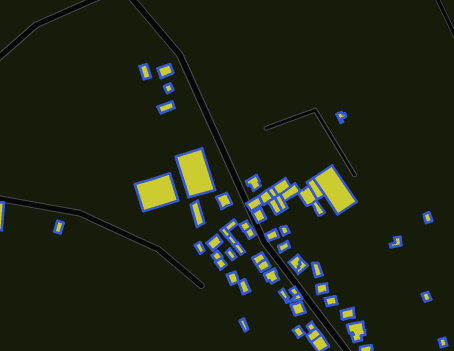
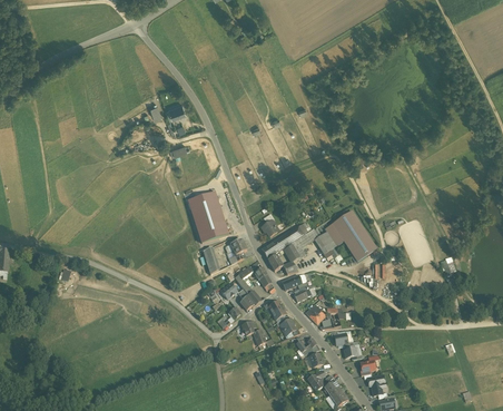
building: [135,173,178,211] -> none

